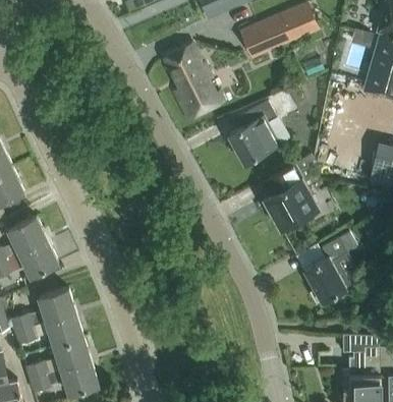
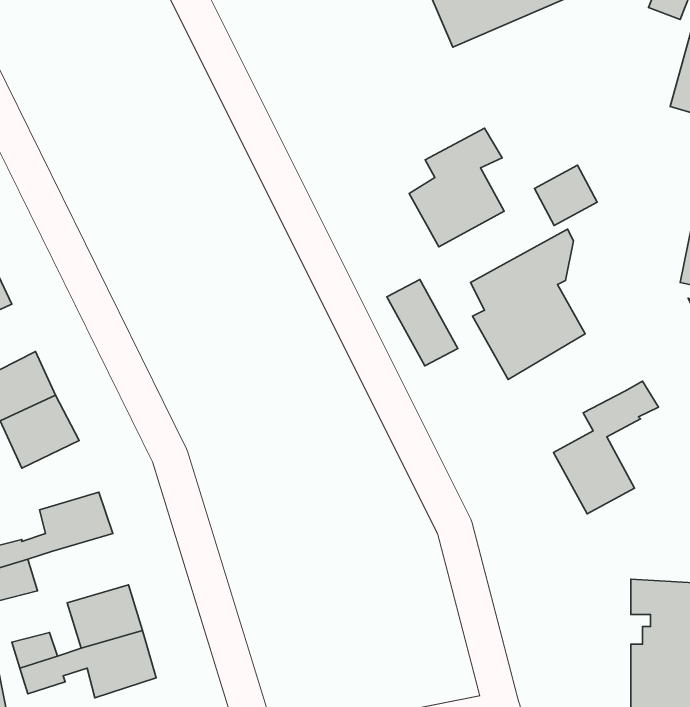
building: [163,43,223,120] -> none
building: none -> [535,165,597,225]
building: none -> [387,280,458,366]
building: [45,310,85,346] -> none

